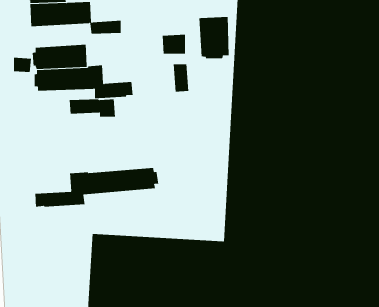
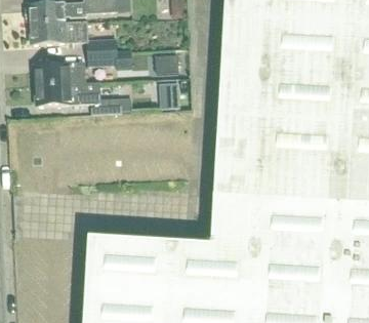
building: [199,16,229,59] -> none
building: [69,99,116,117] -> [87,51,131,69]
building: [35,167,159,207] -> none

